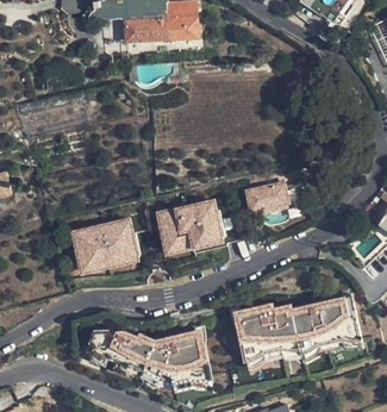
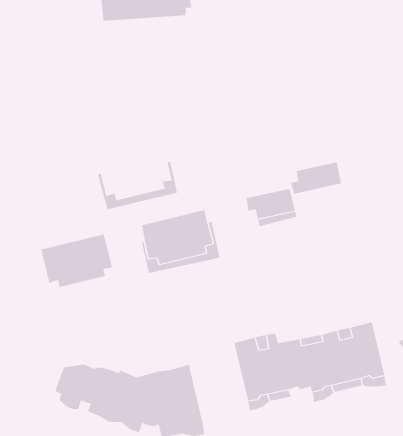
building: none -> [290,161,341,195]
building: [73,233,141,274] -> [97,162,178,210]

